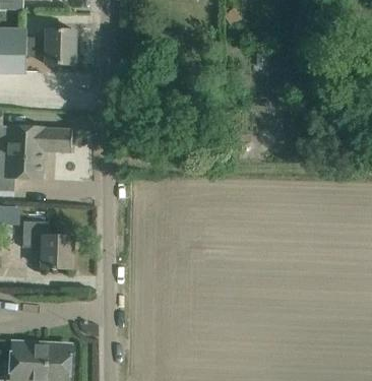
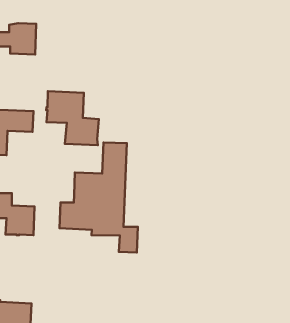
building: none -> [46,91,99,145]
building: none -> [60,143,138,252]

